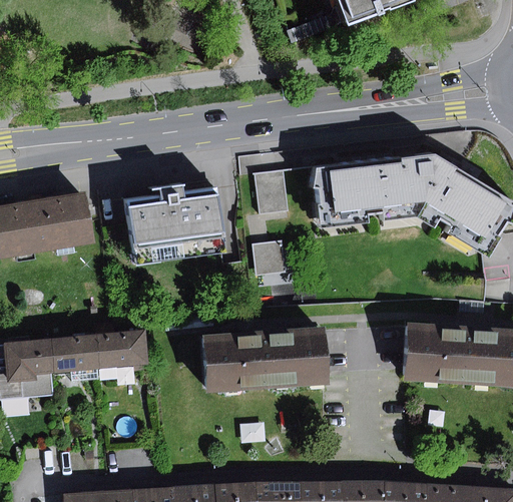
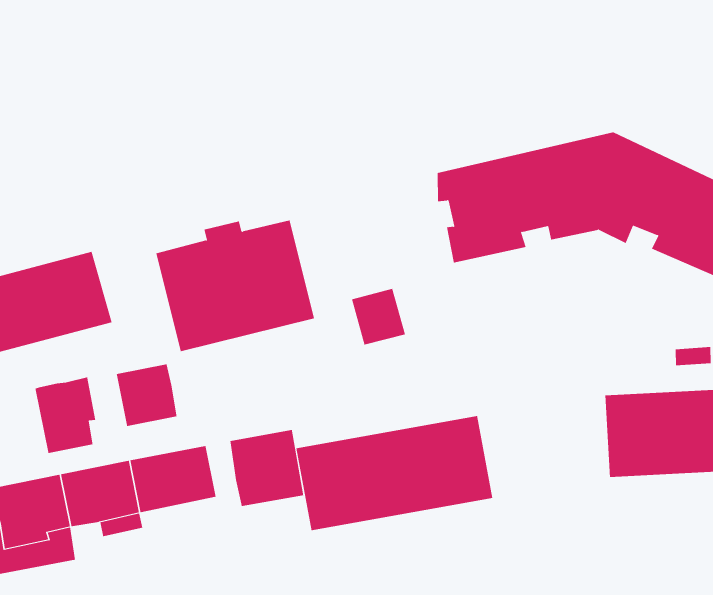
building: [252,169,288,212] -> none
building: none -> [116,363,177,427]
building: none -> [35,377,96,454]
building: none -> [230,429,304,507]

